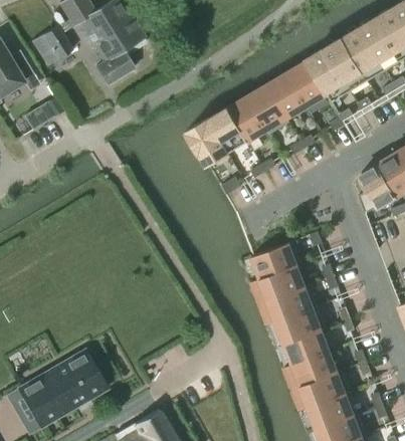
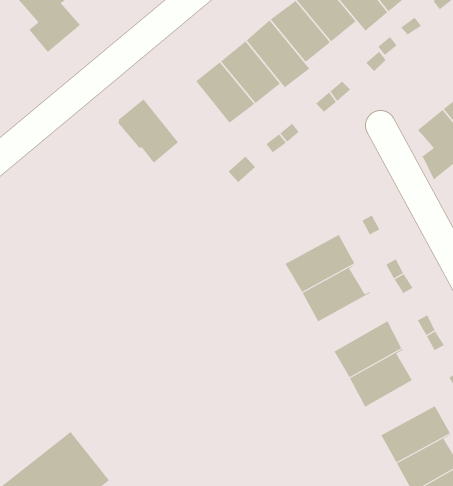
building: [185,119,226,165] -> [117,99,179,163]
building: [267,285,317,322] -> none
building: [291,351,341,386] -> none

